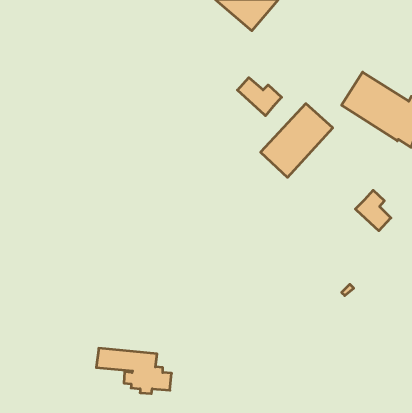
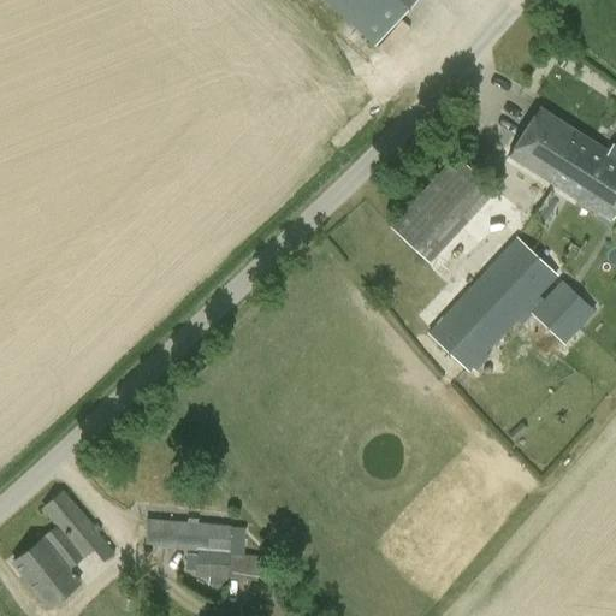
building: [237,78,282,116] -> none
building: none -> [427,236,558,371]
building: none -> [14,493,105,608]

